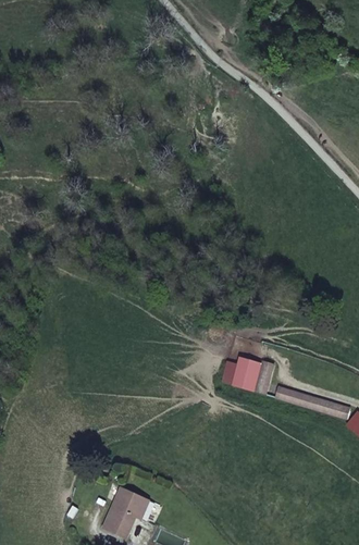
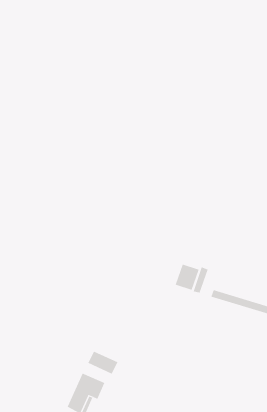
building: none -> [88,351,118,374]

